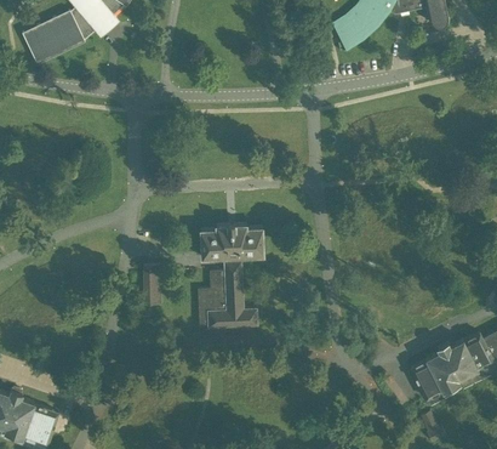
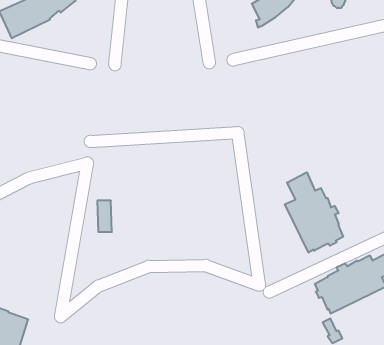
building: [198,223,263,328] -> none
building: none -> [285,172,343,253]

